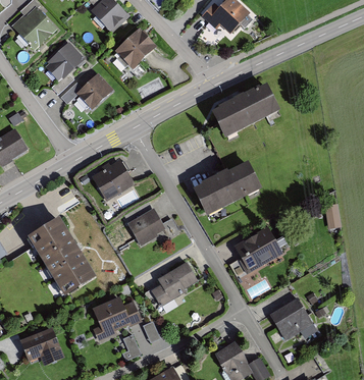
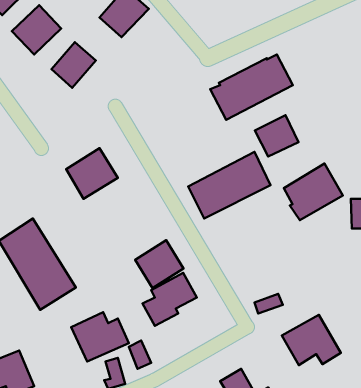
building: none -> [255,115,298,157]
building: [125,207,165,247] -> [135,240,183,288]
building: [230,227,279,274] -> [284,164,343,220]

